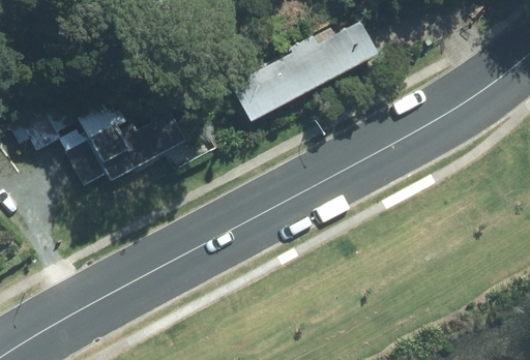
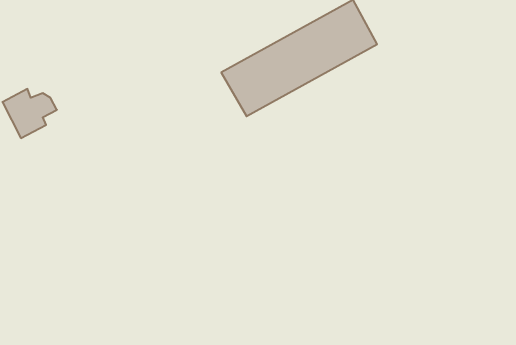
building: [87,111,181,173] -> none

